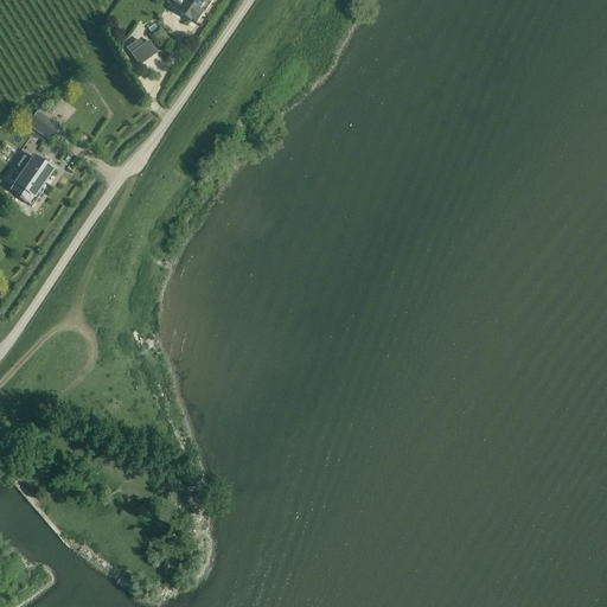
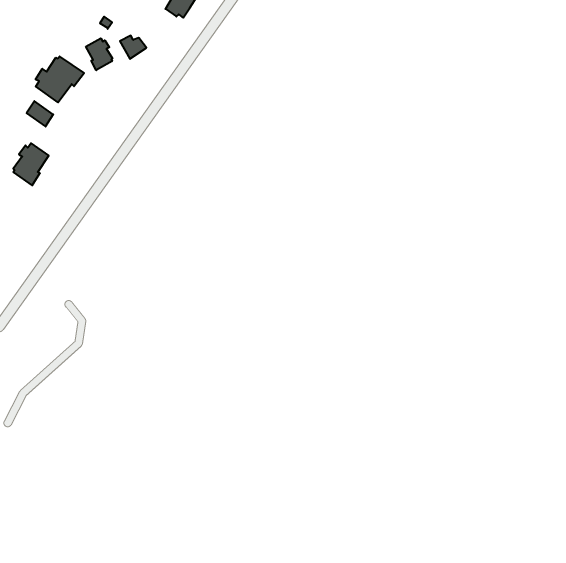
building: none -> [86,38,112,70]
building: none -> [36,56,84,102]

